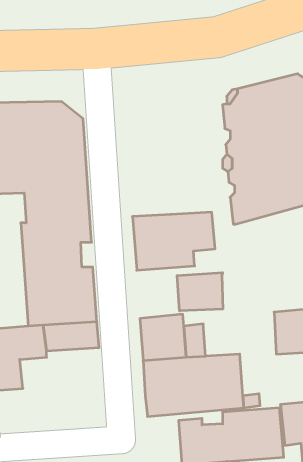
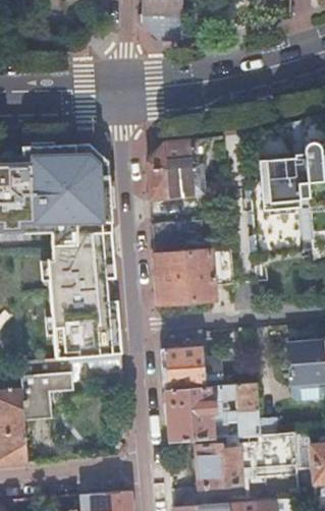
building: none -> [147,139,194,198]
building: [177,273,223,311] -> none

